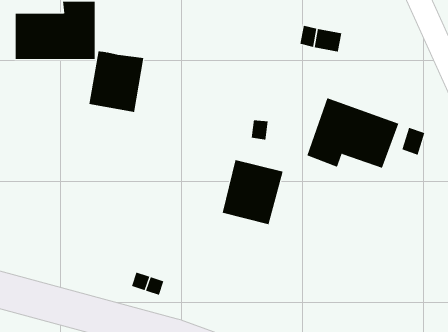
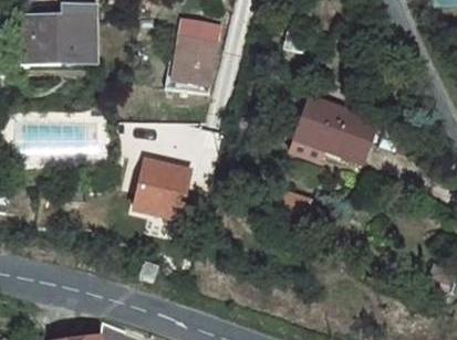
building: [88,51,144,112] -> [165,36,217,94]
building: [222,160,283,225] -> [134,162,191,223]

